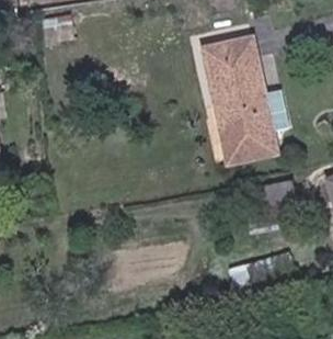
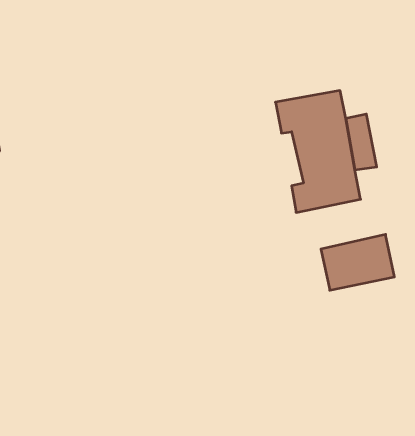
building: [203,37,259,81] -> none

